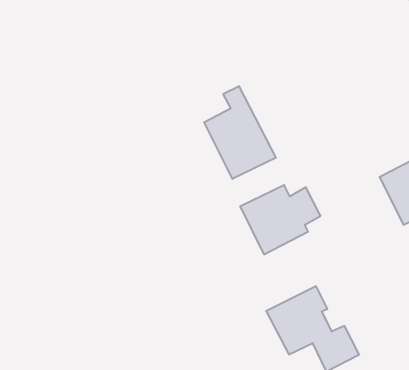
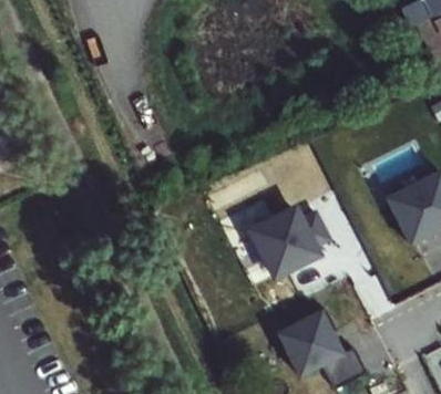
building: [204,86,276,179] -> none

